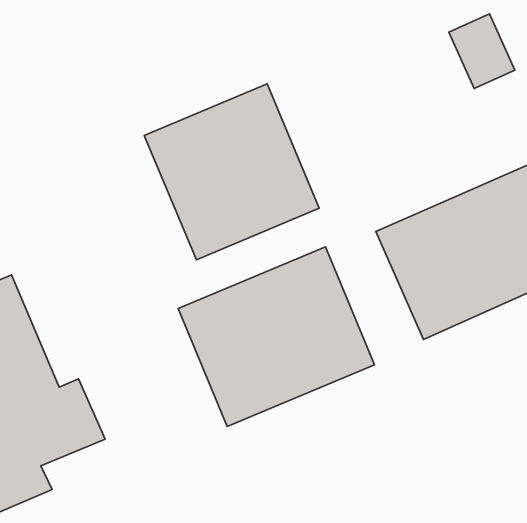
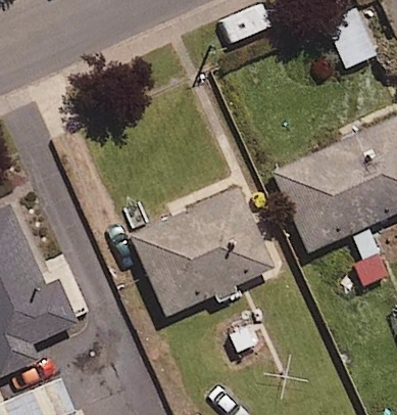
building: [144,84,319,260] -> none

